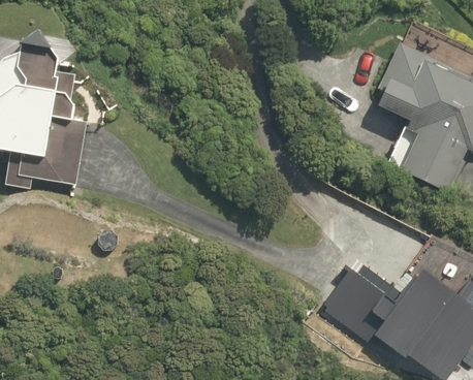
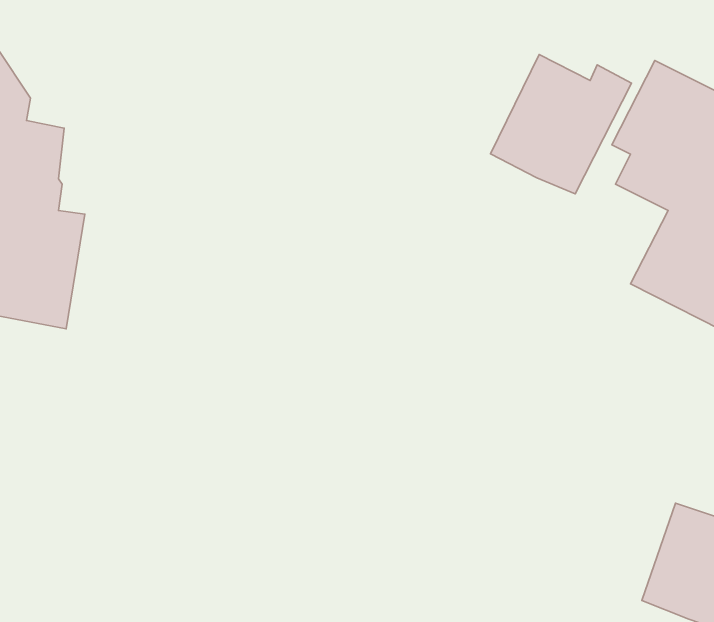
building: none -> [490,55,632,194]
building: [324,267,387,329] -> none

